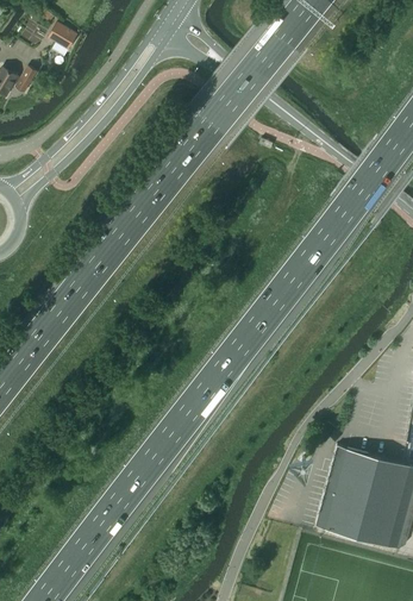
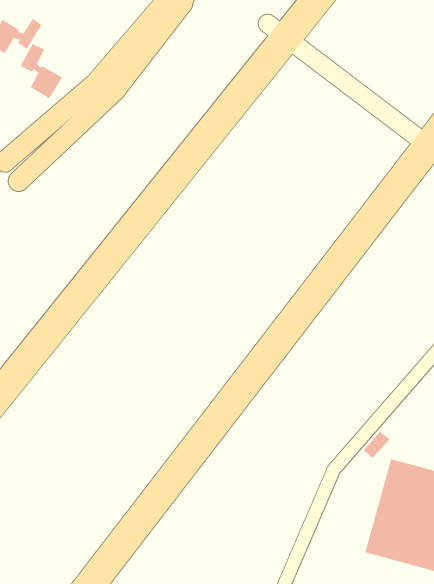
building: none -> [20,43,63,99]

